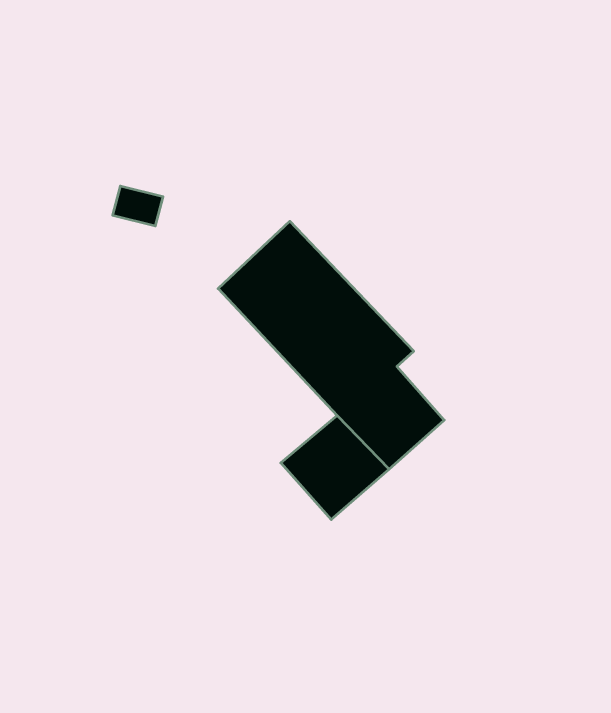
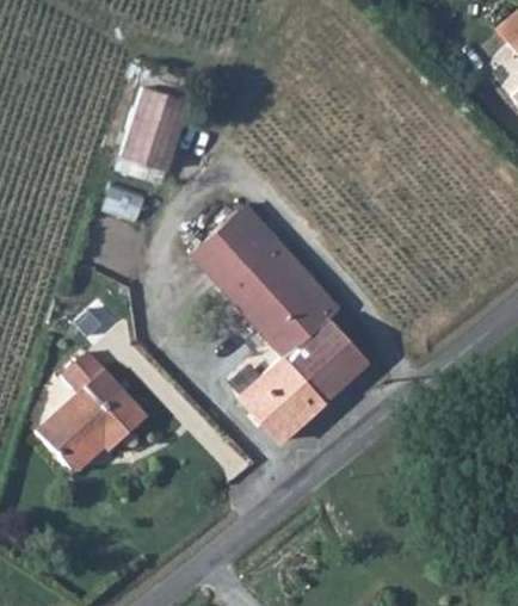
building: none -> [122,88,189,169]
building: none -> [41,348,152,468]

